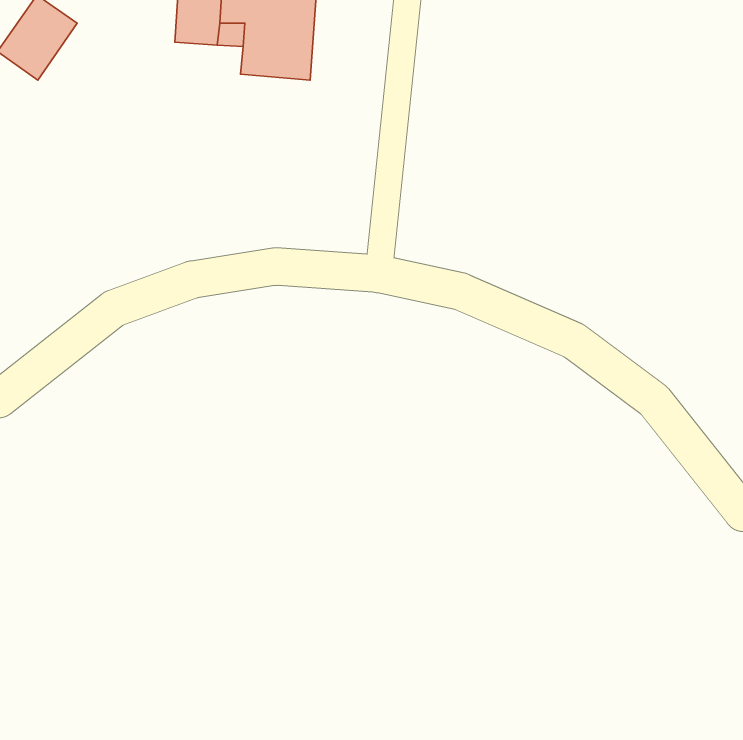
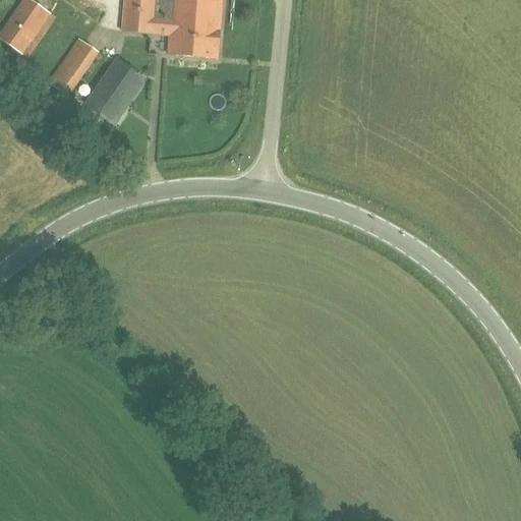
building: none -> [49,38,97,94]
building: none -> [85,59,143,122]

